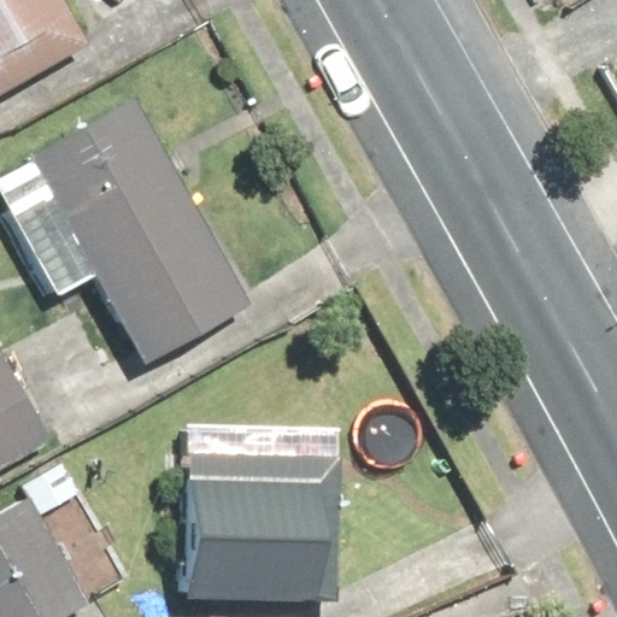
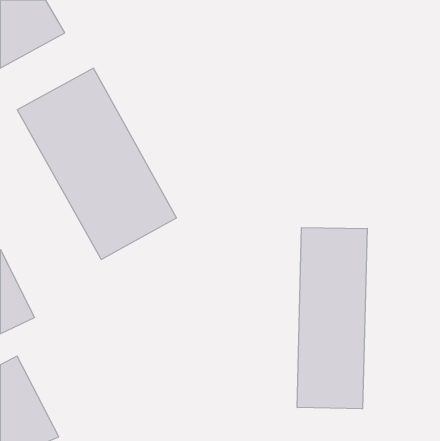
building: none -> [297,228,367,409]
building: [181,449,336,599] -> none

